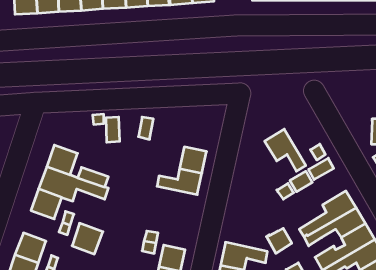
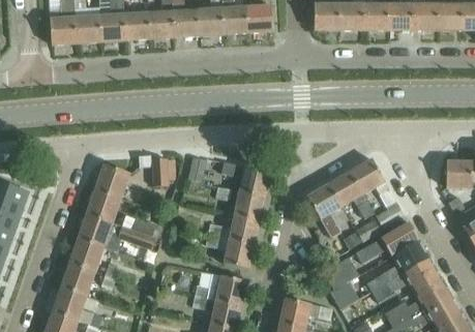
building: none -> [350,159,385,194]
building: none -> [220,162,269,197]
building: none -> [95,164,129,199]
building: none -> [306,185,342,239]
building: none -> [356,222,418,263]
building: none -> [206,235,254,269]
building: none -> [328,258,358,290]
building: none -> [216,275,245,305]
building: [72,223,103,254] -> [61,262,95,296]

